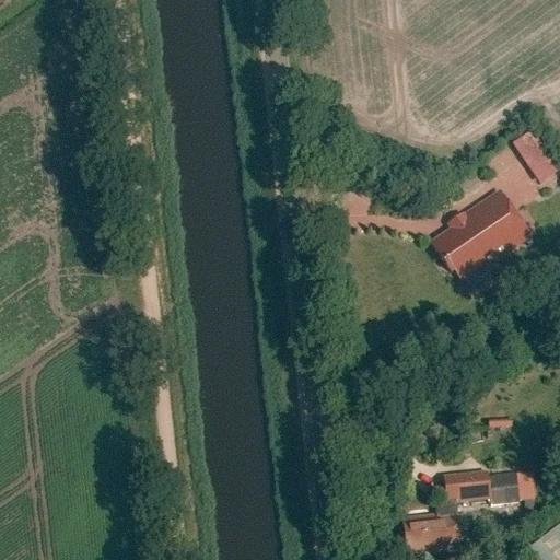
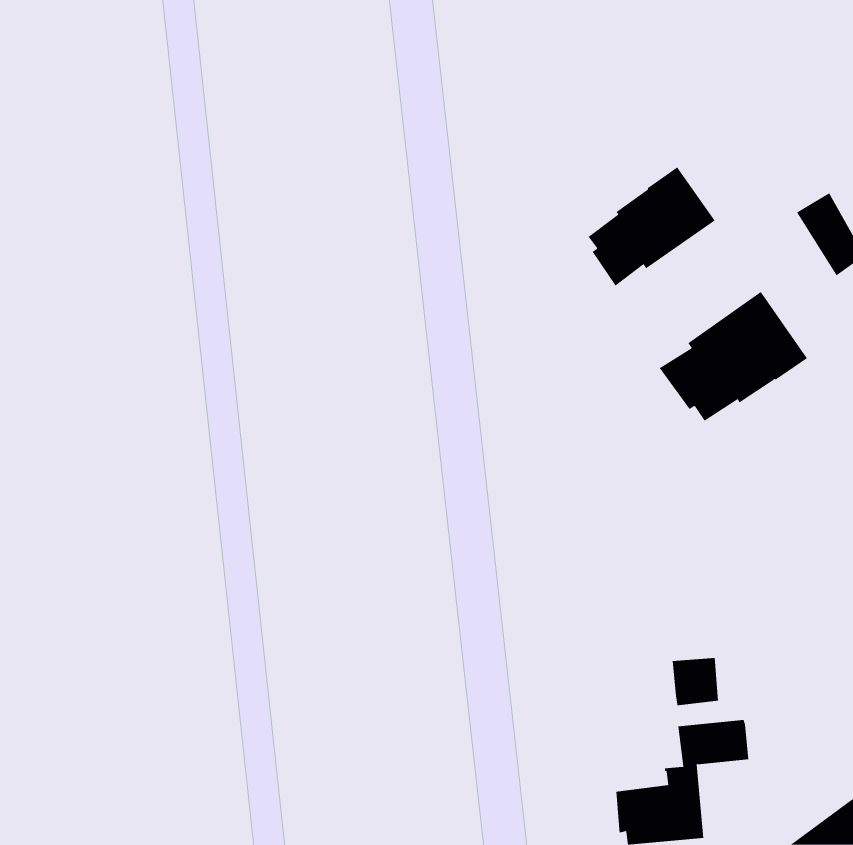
building: none -> [588,166,715,286]
building: [489,471,520,503] -> [672,657,719,706]

